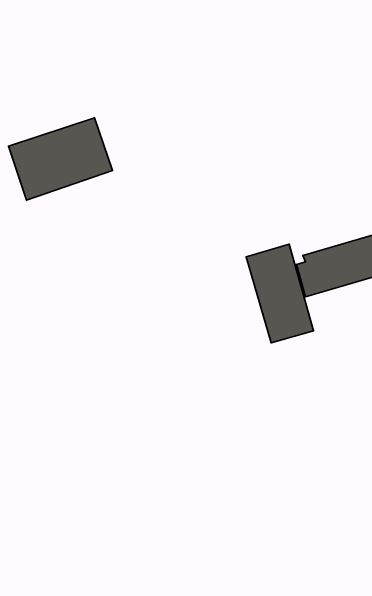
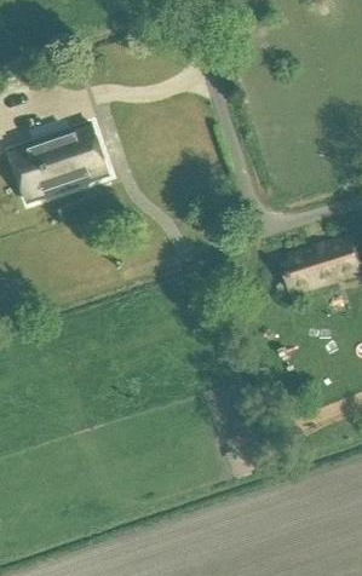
building: [246,244,313,343] -> none

